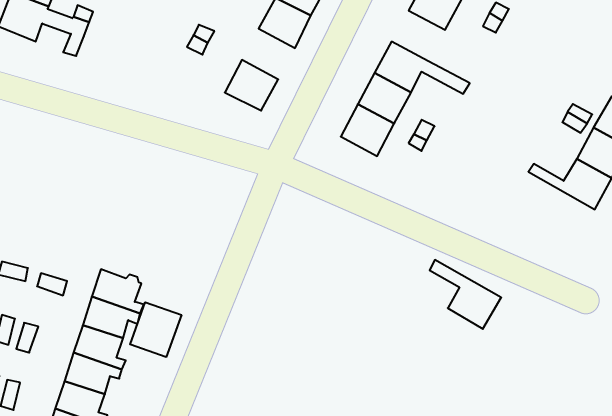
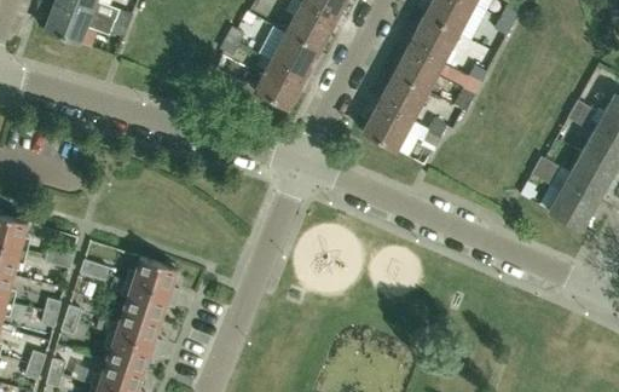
building: none -> [410,15,459,62]
building: none -> [271,31,320,79]
building: [430,260,501,329] -> [532,165,598,229]
building: [130,302,181,357] -> none

